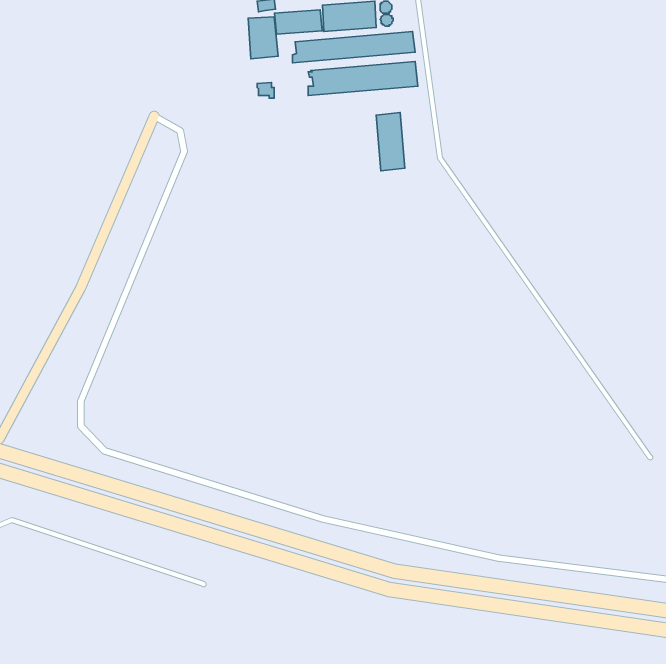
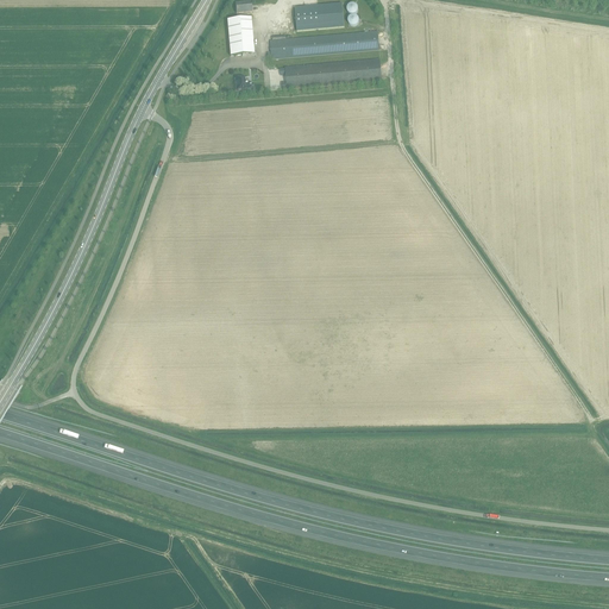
building: [274,10,322,34] -> none
building: [376,112,405,171] -> none

